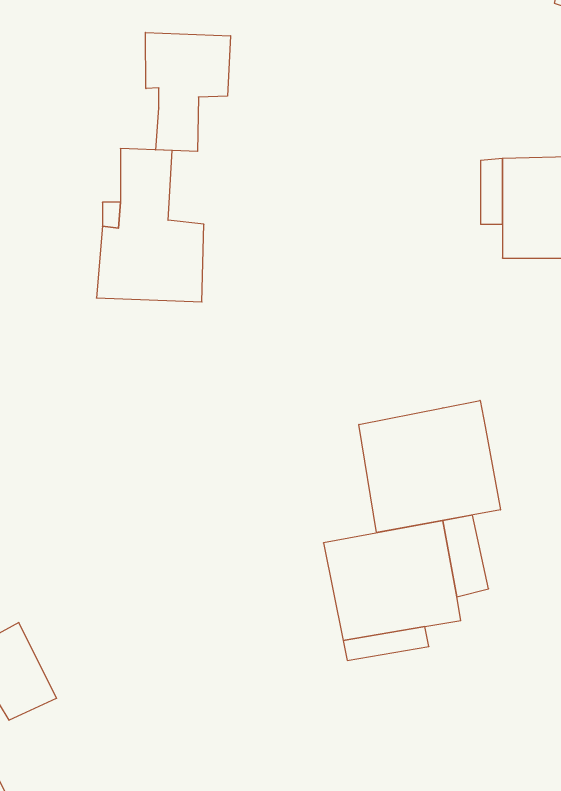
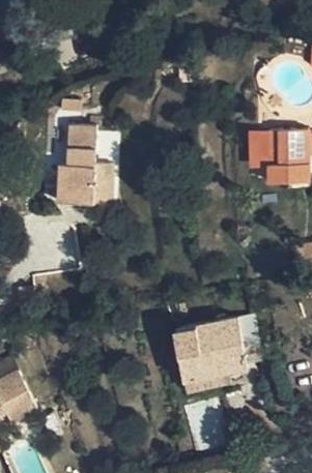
building: [145,32,231,151] -> none
building: [359,400,500,533] -> none

